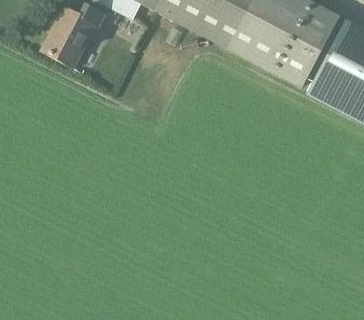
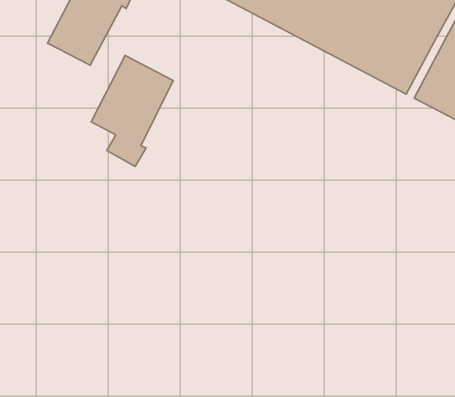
building: none -> [91,56,173,166]

